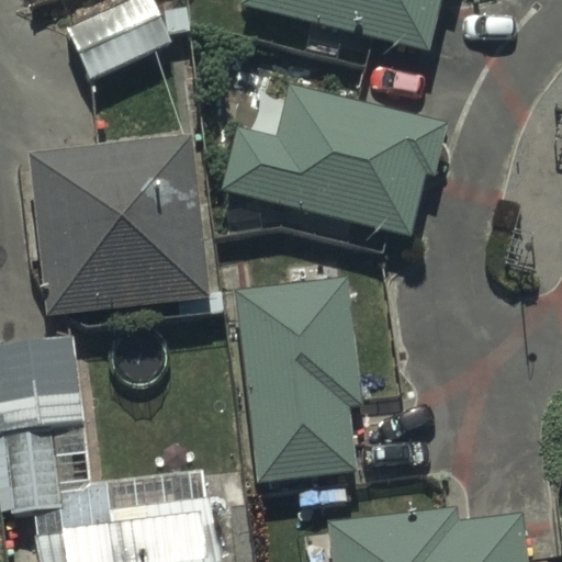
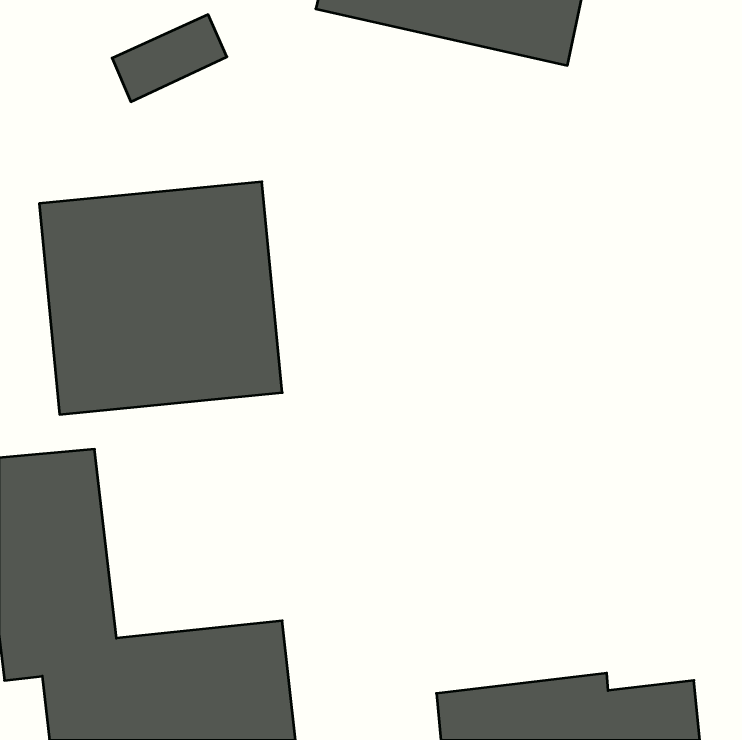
building: [216,86,448,238] -> none
building: [232,276,360,485] -> none

